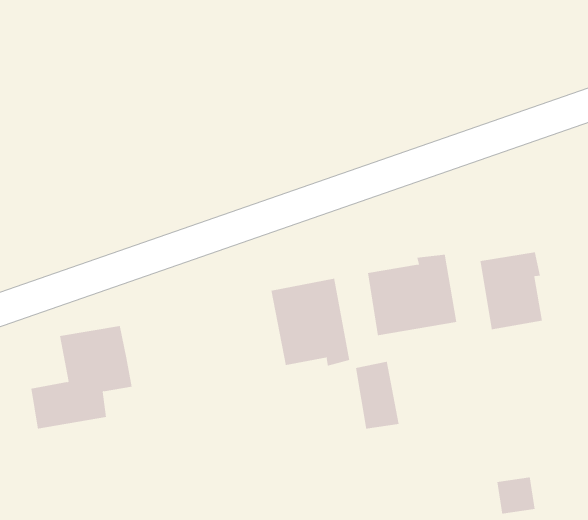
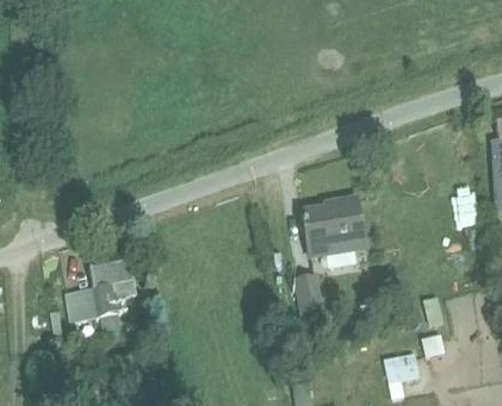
building: [480,251,543,330] -> none
building: [271,278,350,366] -> none

